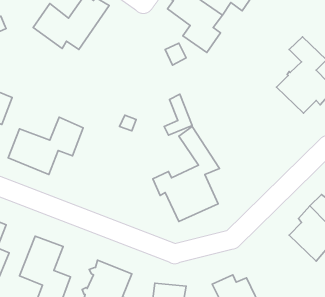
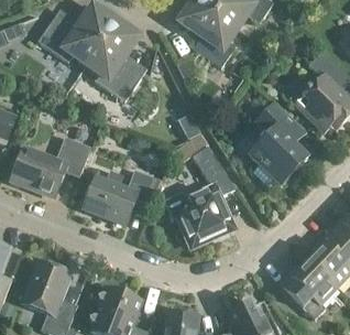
building: none -> [86,17,142,100]
building: none -> [249,101,307,185]
building: none -> [83,168,161,223]
building: none -> [278,259,337,317]

